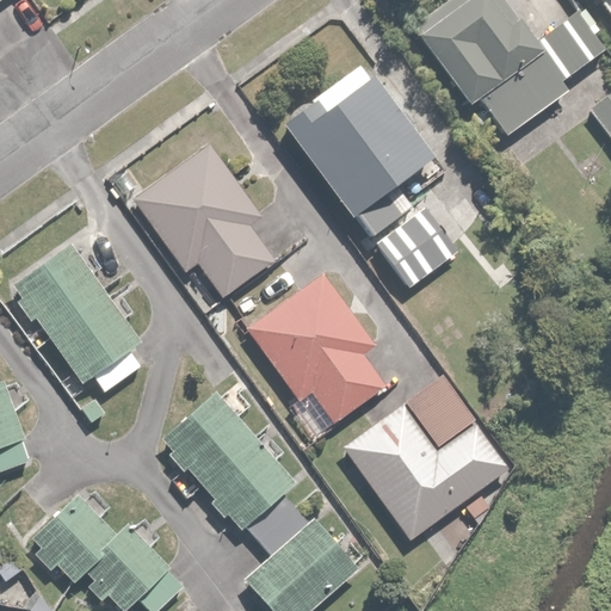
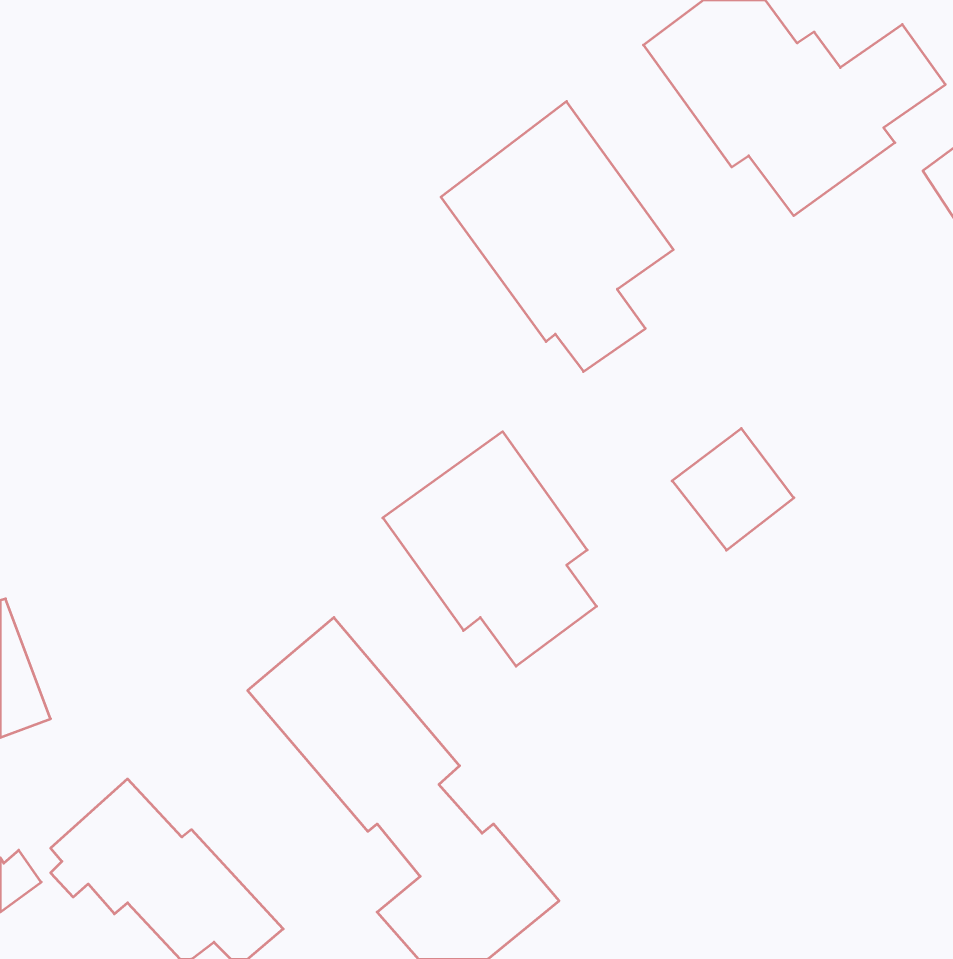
building: [135,142,278,300] -> none
building: [379,211,457,289] -> [672,428,794,550]
building: [16,247,144,394] -> none
building: [344,377,508,537] -> none

